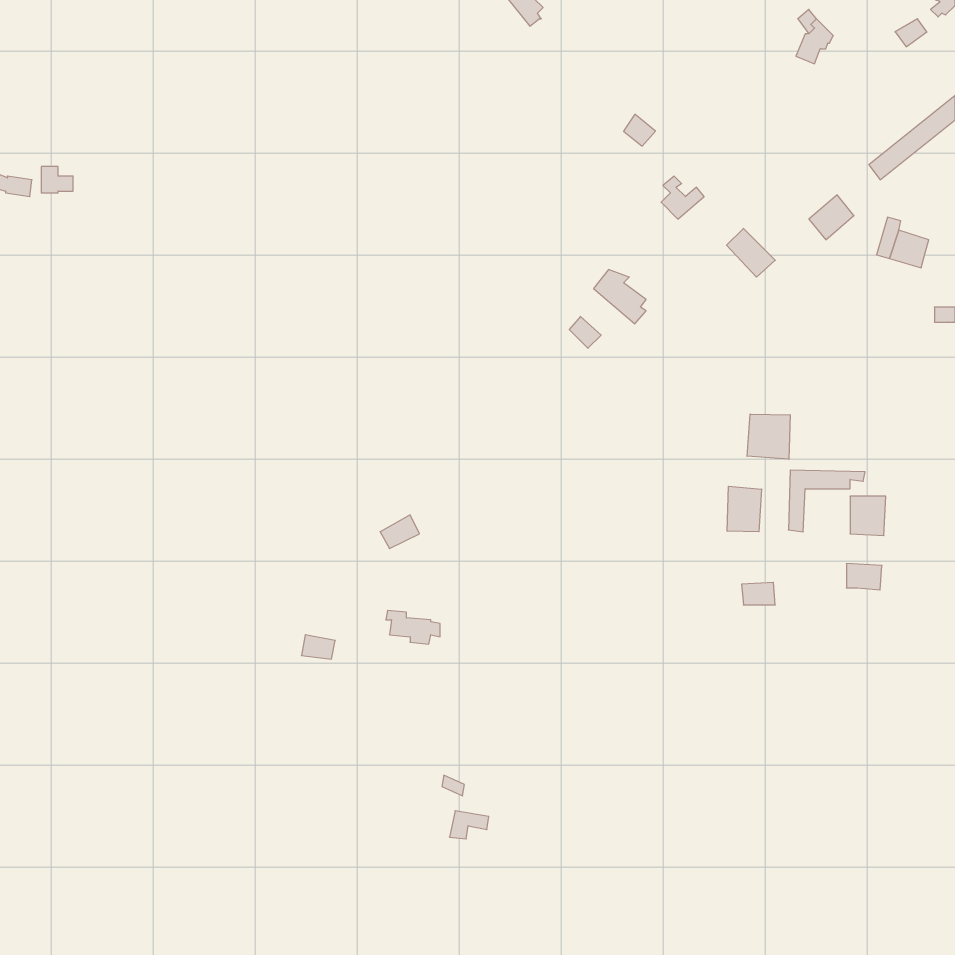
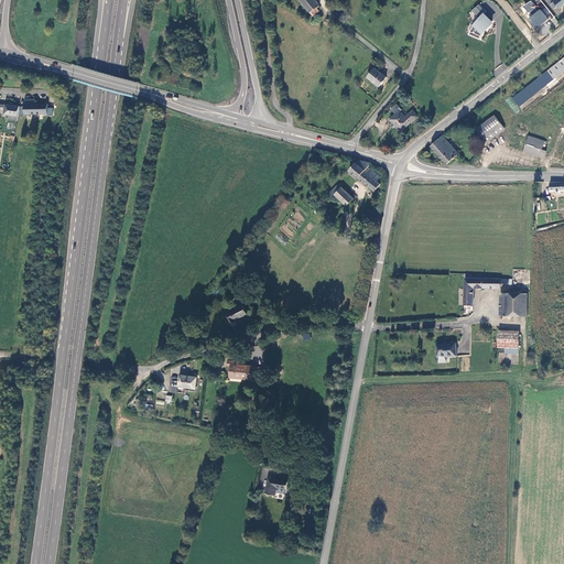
building: [747,414,790,459] -> none
building: [727,486,762,532] -> none

